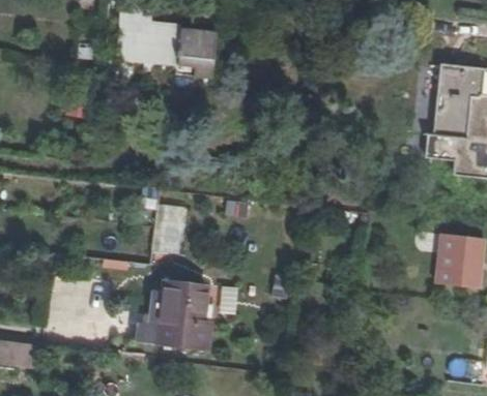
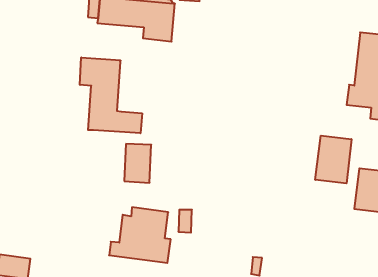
building: none -> [80,57,142,133]
building: none -> [315,136,351,183]

